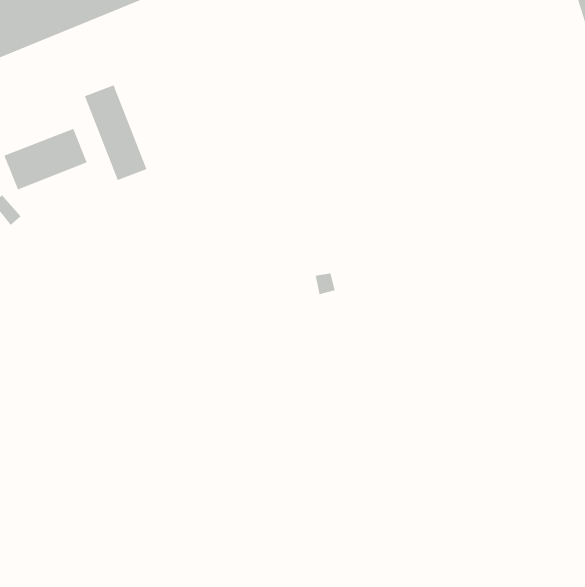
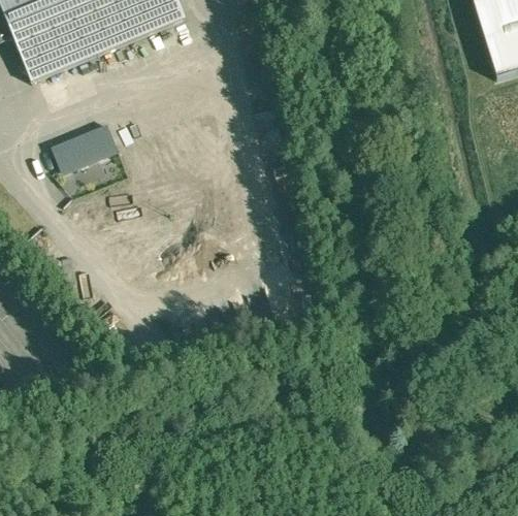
building: [84,84,147,181] -> none

